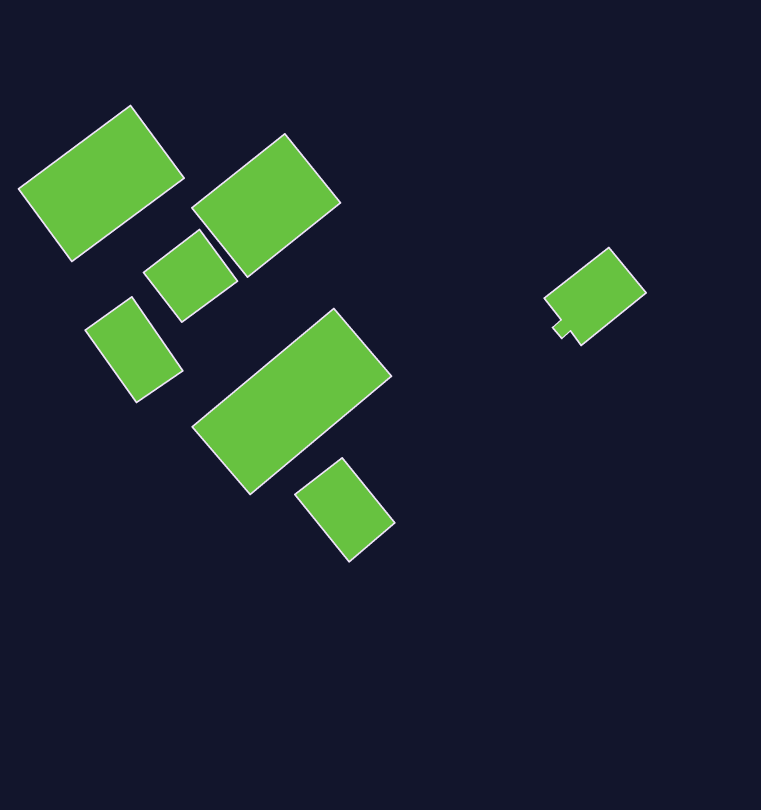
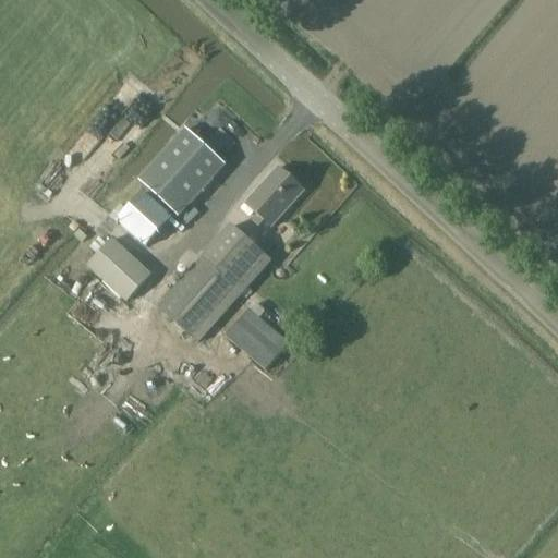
building: [18,106,184,261] -> none
building: [544,247,646,346] -> [244,165,303,225]

